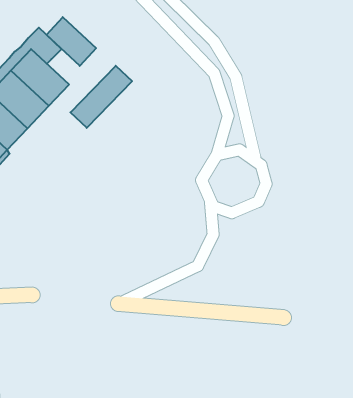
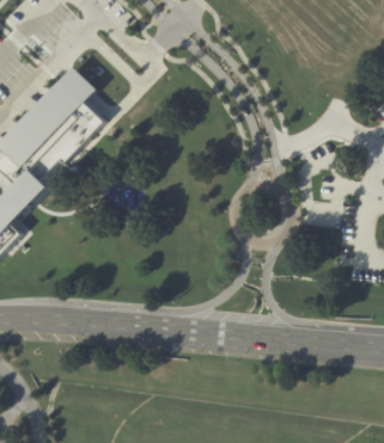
building: [46,17,96,66] -> none
building: [70,66,132,128] -> none

